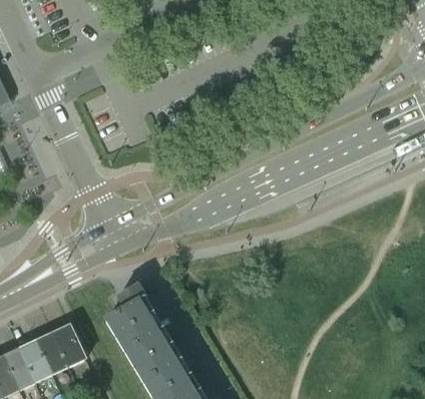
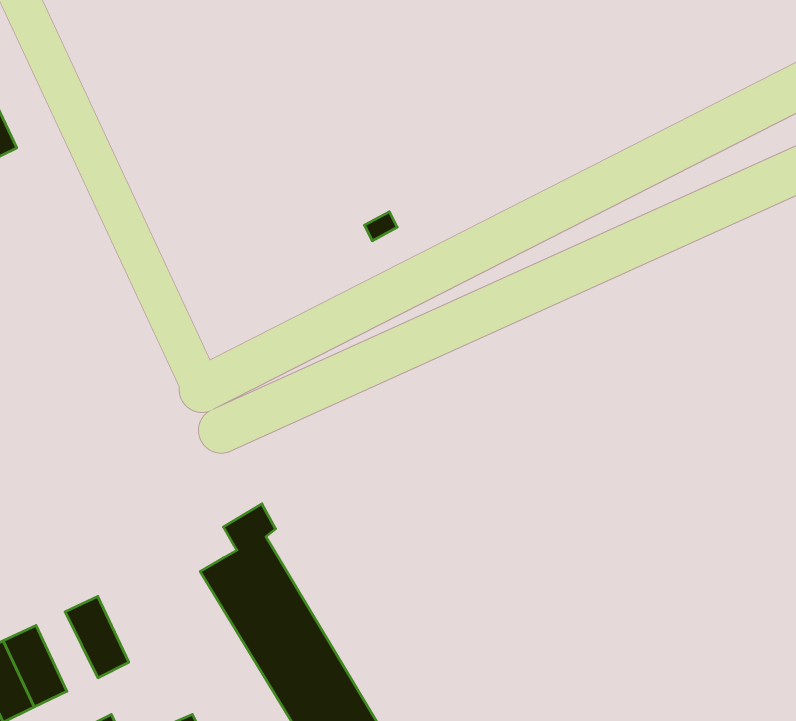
building: [52,324,85,366] -> none
building: [20,340,52,381] -> none

